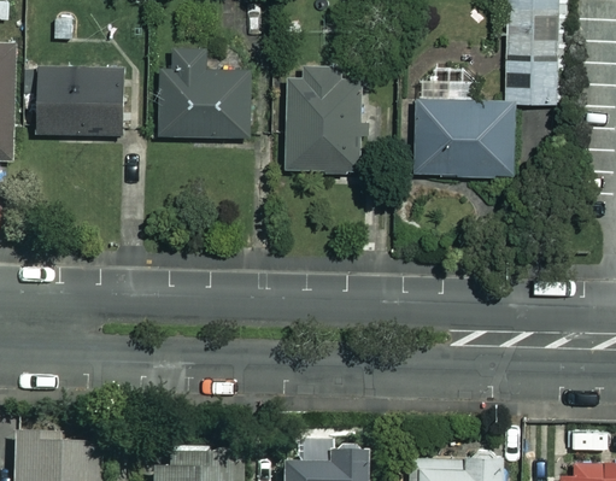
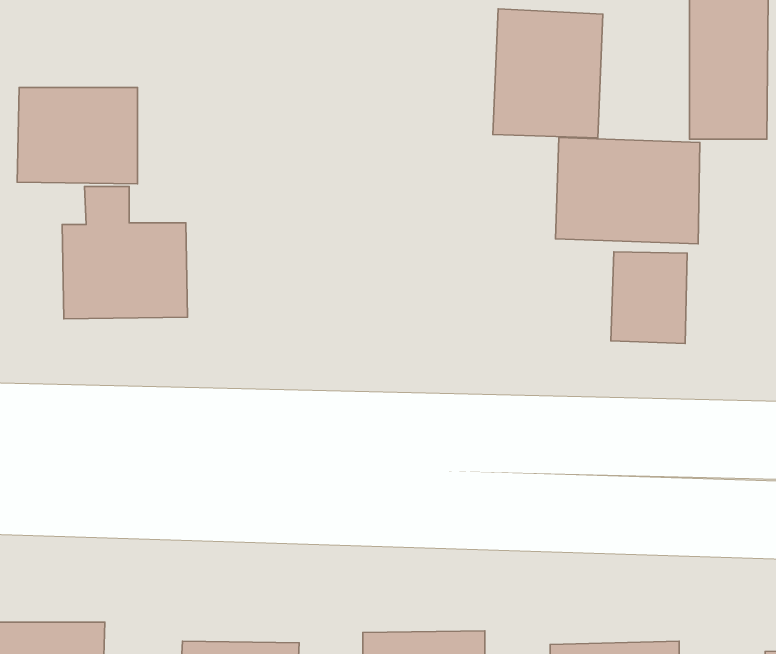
building: [160,45,248,137] -> [62,187,188,319]
building: [283,81,360,171] -> [493,9,603,138]
building: none -> [611,252,687,344]

